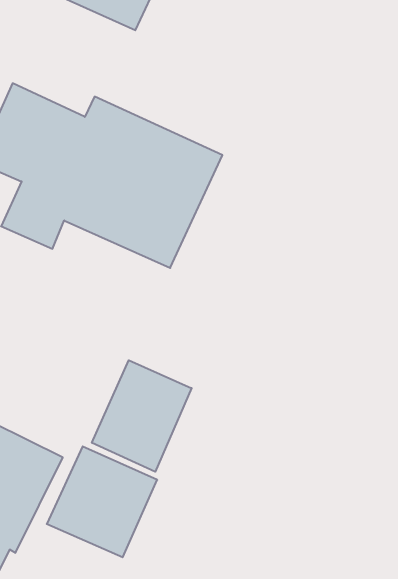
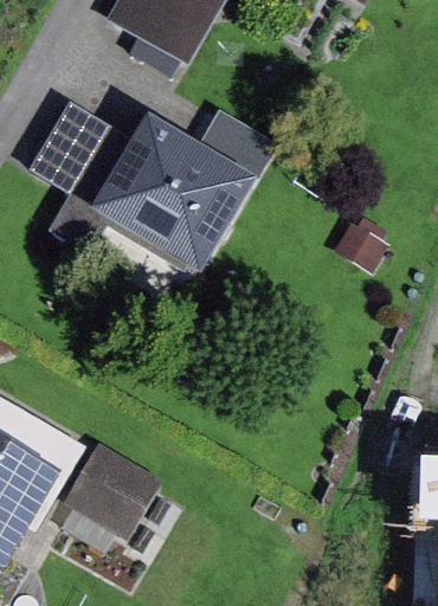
building: [92,360,192,472] -> none

